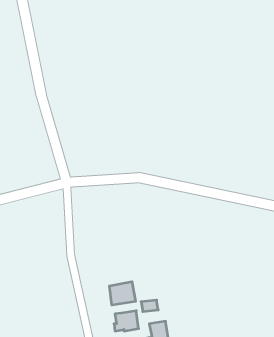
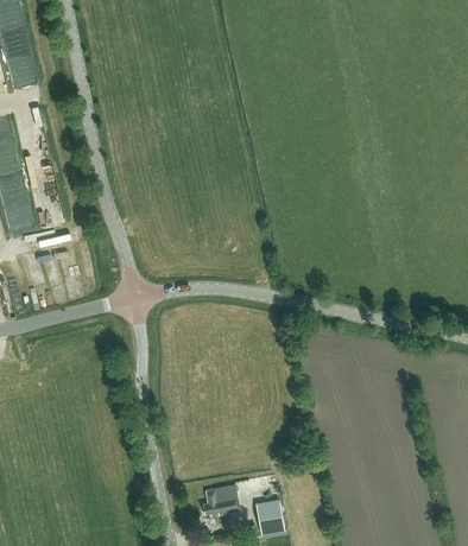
building: [109,282,136,305] -> none

